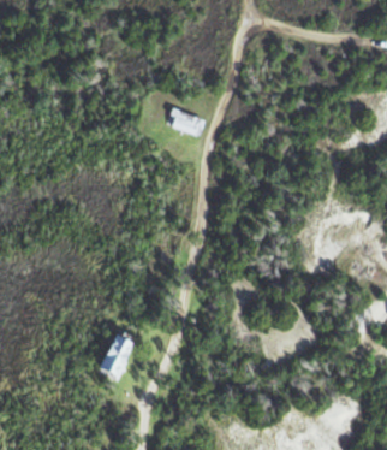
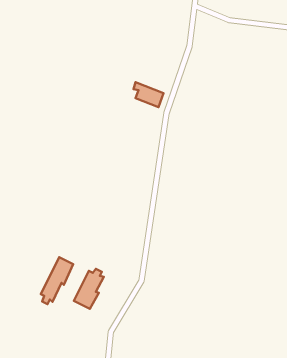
building: none -> [41,257,73,304]

